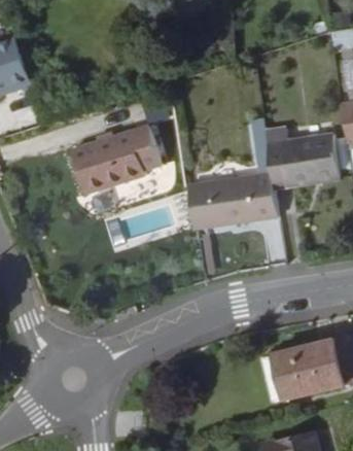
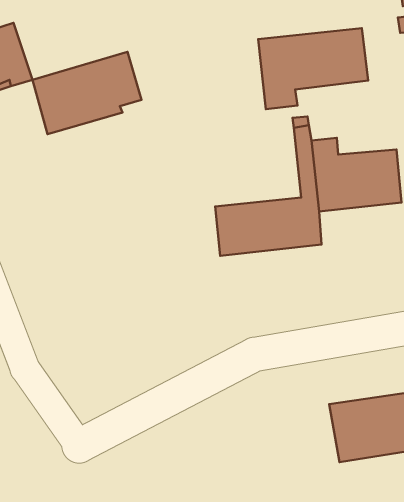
building: none -> [258,28,368,109]
building: [69,128,157,195] -> [32,52,141,134]

